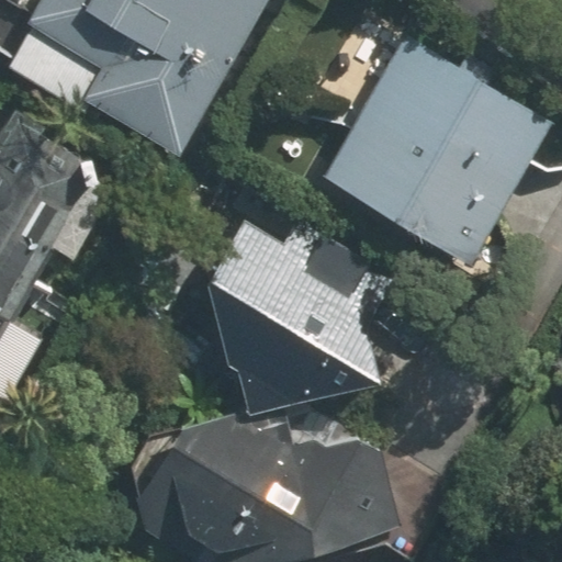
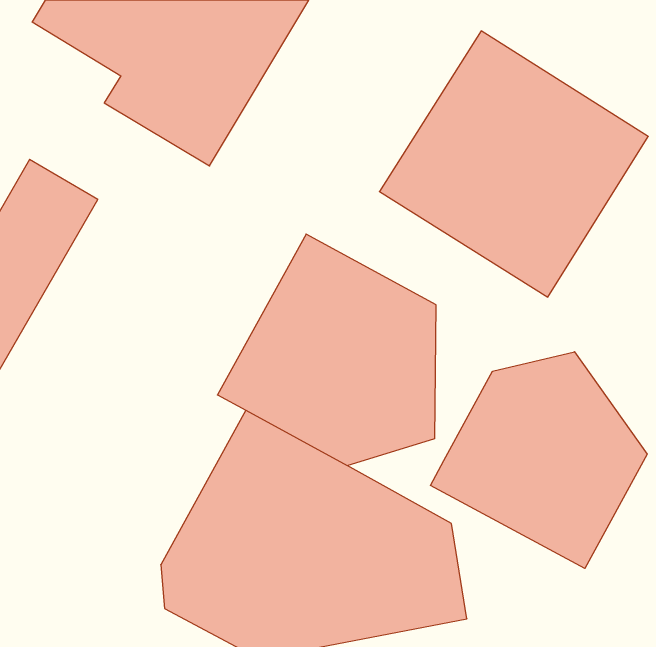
building: none -> [430,352,647,568]

